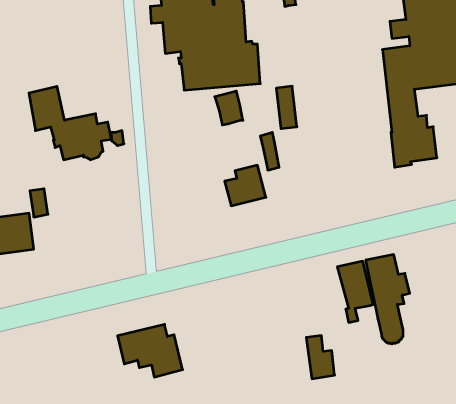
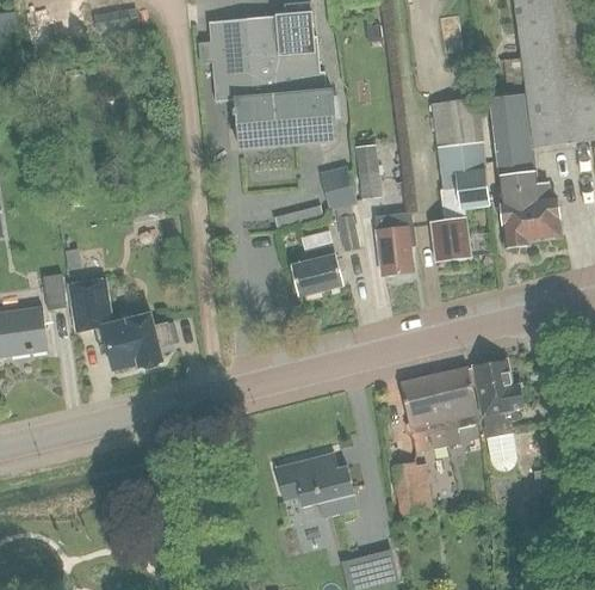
building: none -> [429,97,489,260]
building: [29,86,112,160] -> [68,276,173,369]
building: [215,91,243,125] -> [318,165,354,208]
building: none -> [373,213,415,275]
building: none -> [398,373,447,451]
building: [118,324,183,377] -> [273,449,355,516]

